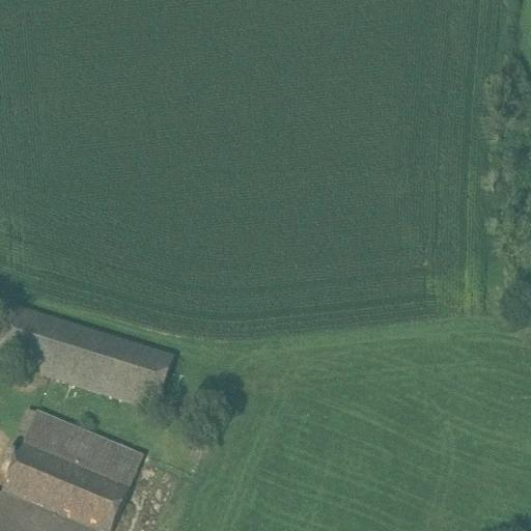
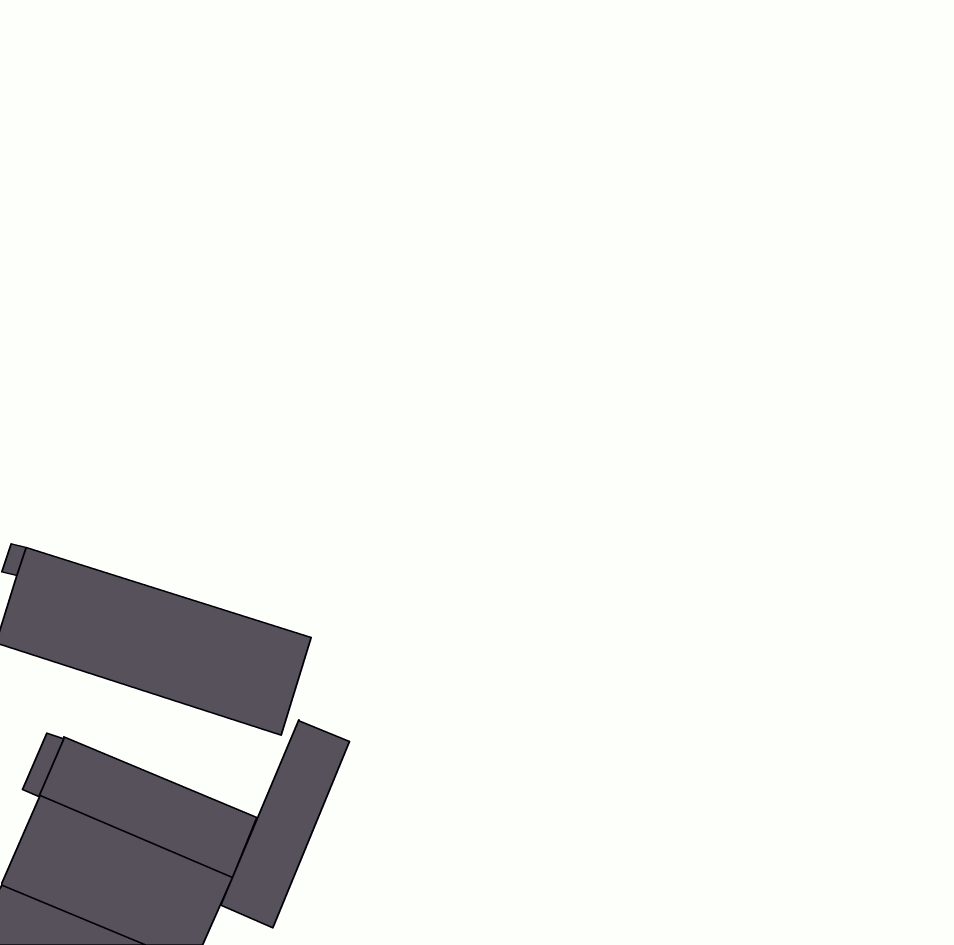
building: none -> [221,720,350,928]

